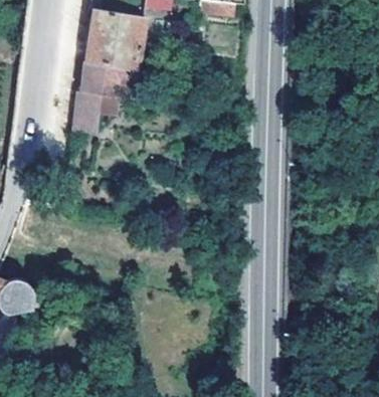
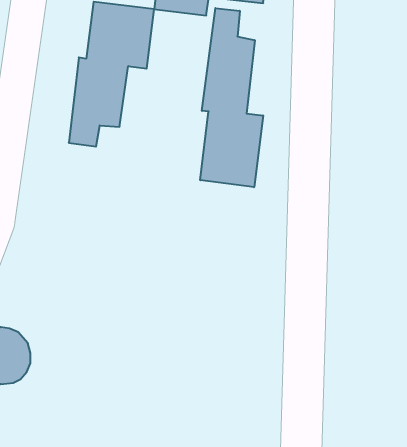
building: none -> [200,8,263,187]

